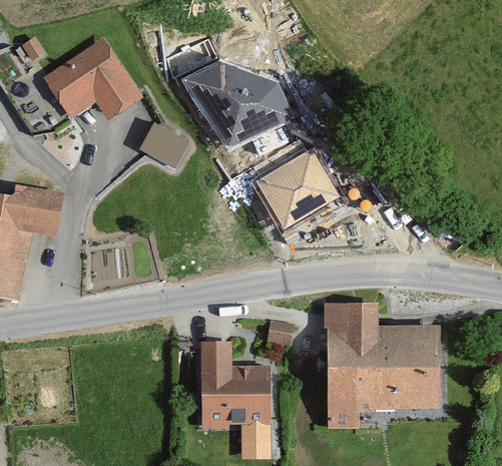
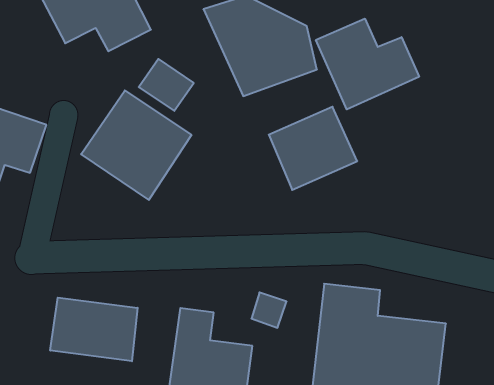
building: none -> [316,19,419,109]
building: none -> [81,90,191,200]
building: none -> [50,298,138,361]

